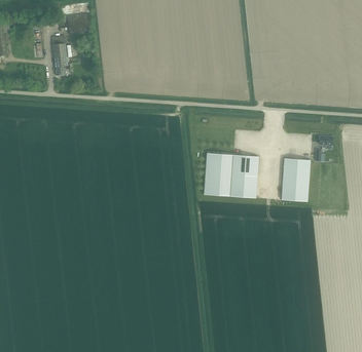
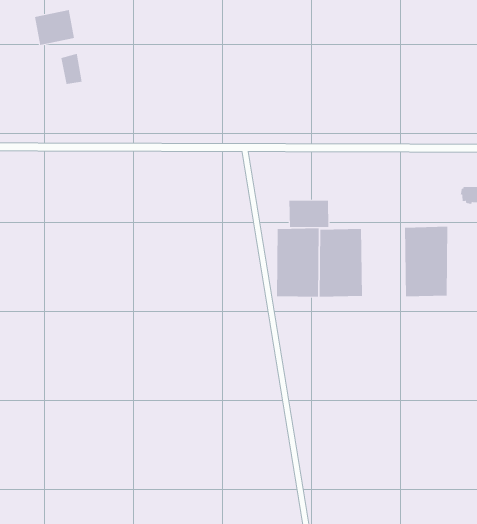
building: [51,35,69,75] -> none
building: none -> [289,200,329,228]

